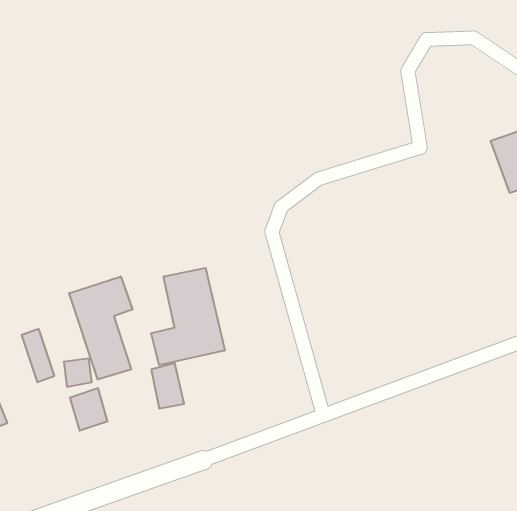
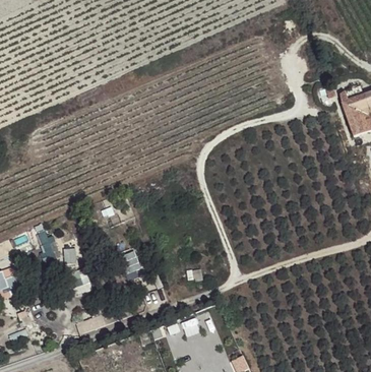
building: [151,268,225,365] -> none
building: [69,276,132,380] -> none

